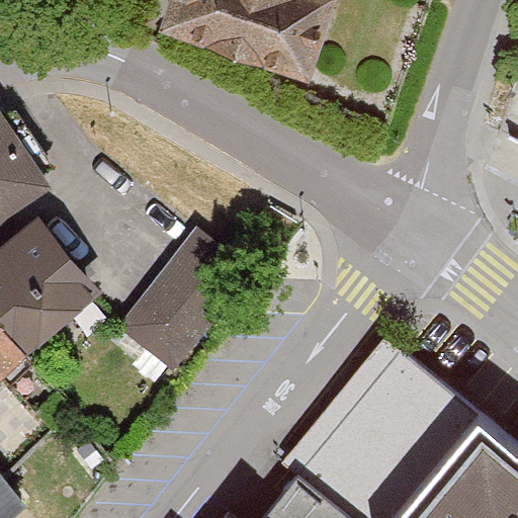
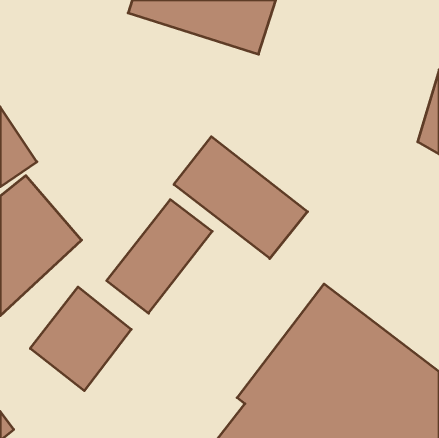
building: none -> [174,137,308,259]
building: none -> [30,287,131,391]

